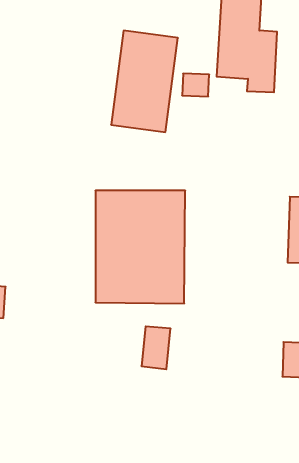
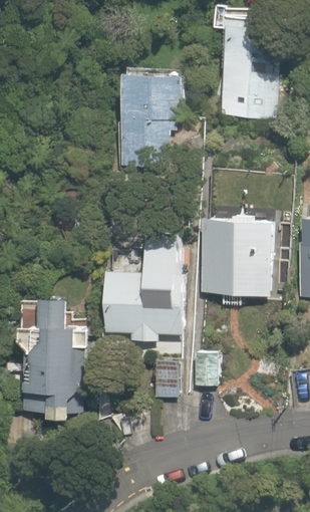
building: none -> [201,214,277,295]
building: none -> [18,295,82,415]

